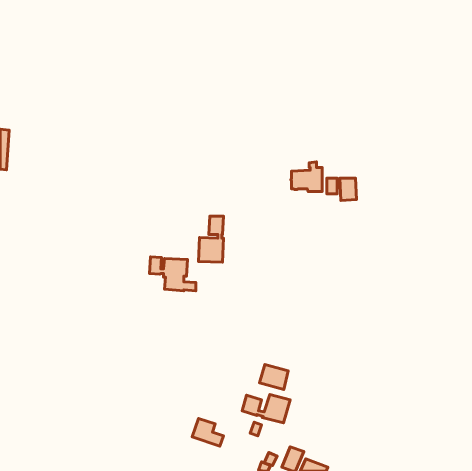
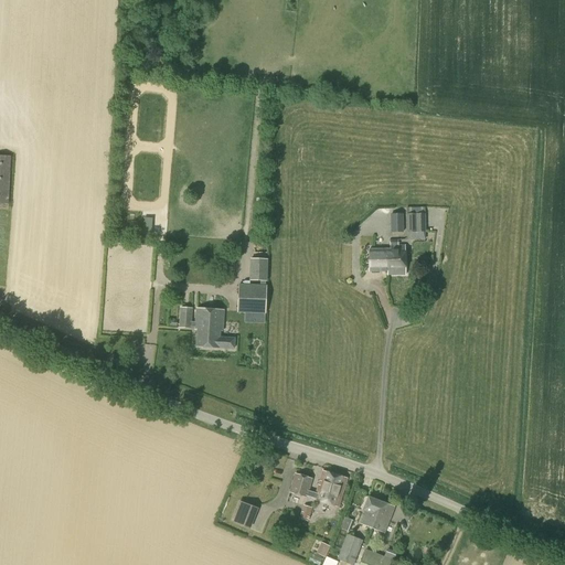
building: [291,162,322,191] -> [367,238,405,274]
building: [259,365,288,389] -> none
building: none -> [361,495,394,531]

